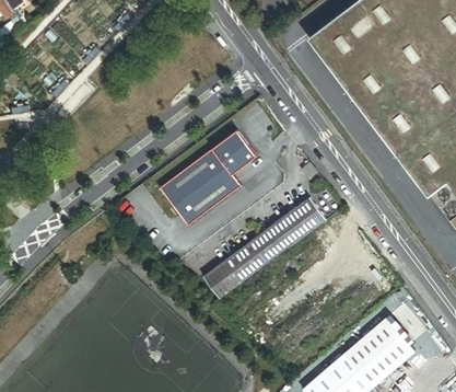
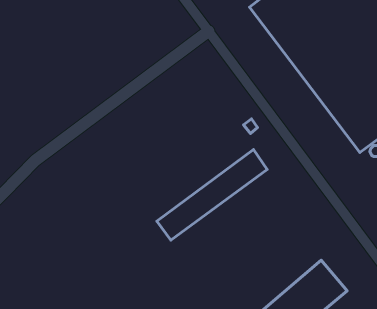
building: [161,129,258,226] -> none

